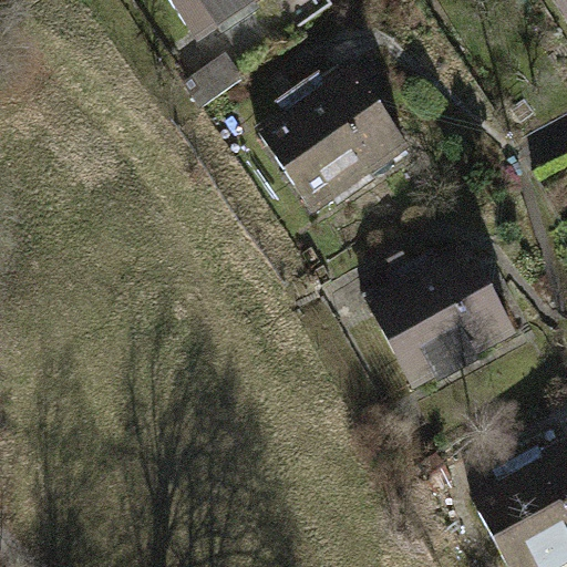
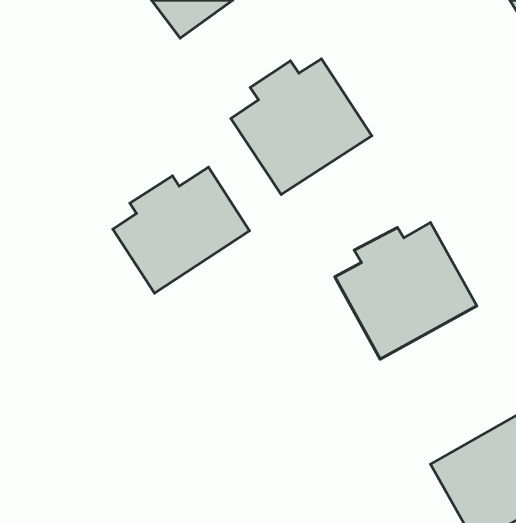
building: none -> [113,167,249,293]

